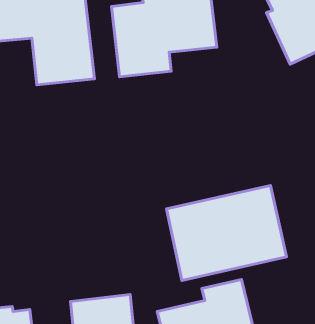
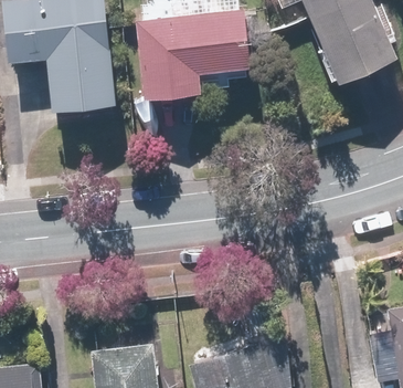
building: [167,186,287,280] -> none

